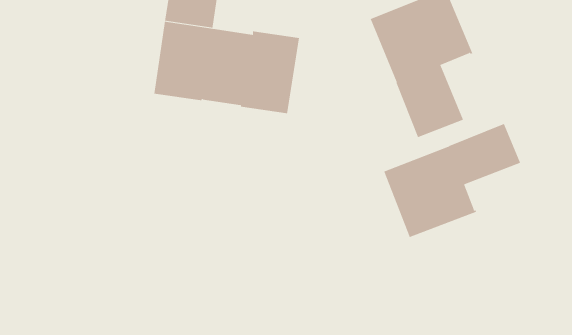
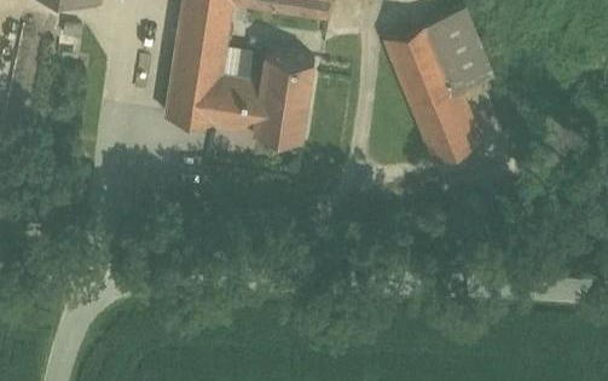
building: [383,123,521,238] -> none

